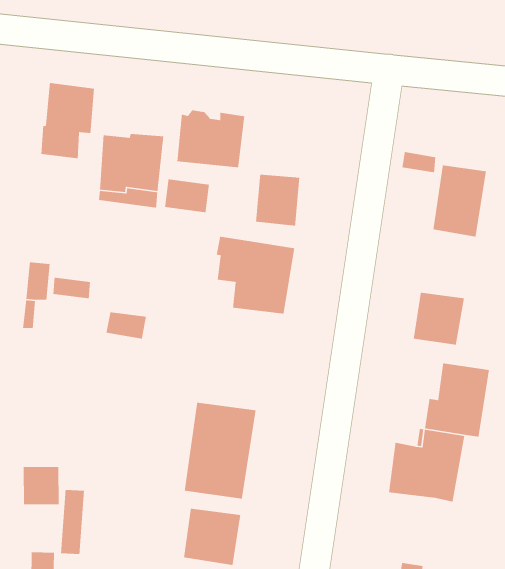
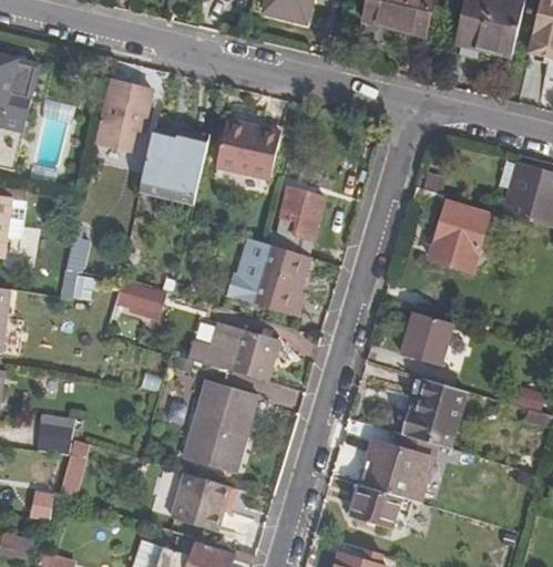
building: [164,178,210,213] -> none
building: none -> [184,321,276,380]
building: none -> [352,484,402,527]

